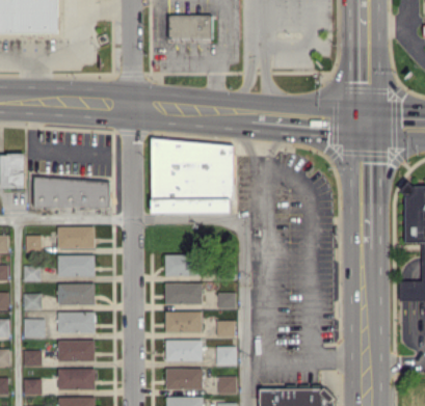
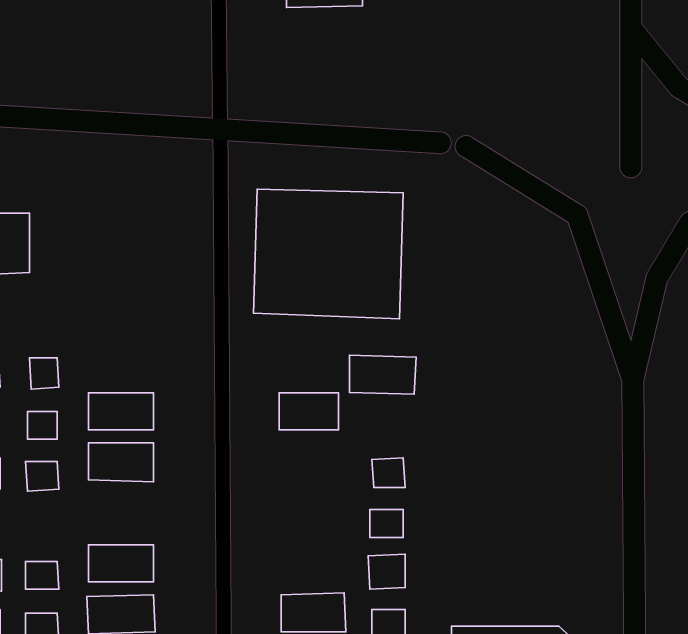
building: [34,179,110,209] -> none
building: [57,226,95,248] -> none
building: [165,282,203,304] -> [350,355,416,394]
building: [165,312,202,332] -> none
building: [58,313,96,333] -> none
building: [23,319,45,337] -> none
building: [165,340,202,361] -> none

